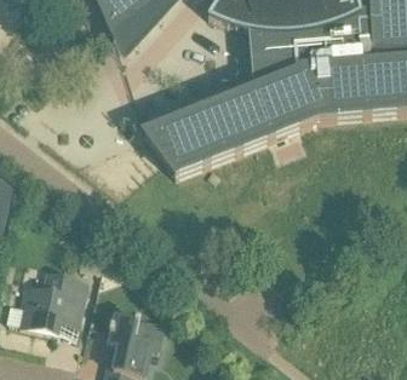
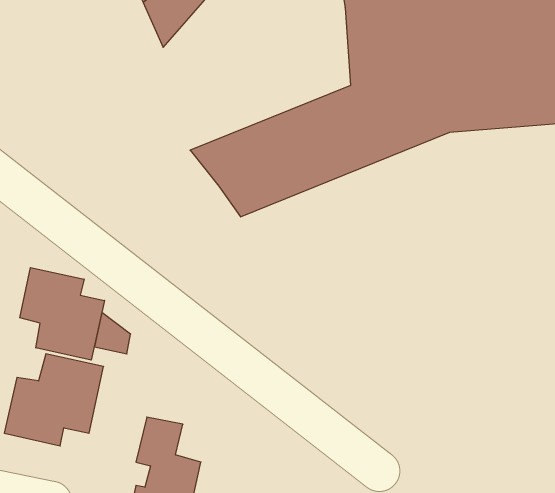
building: none -> [20,268,104,360]

